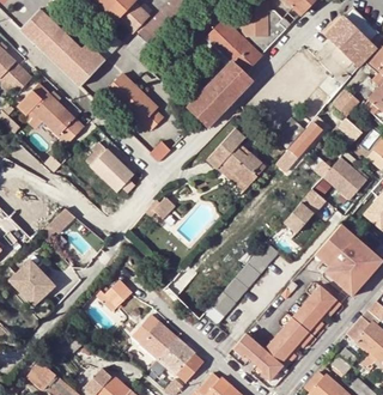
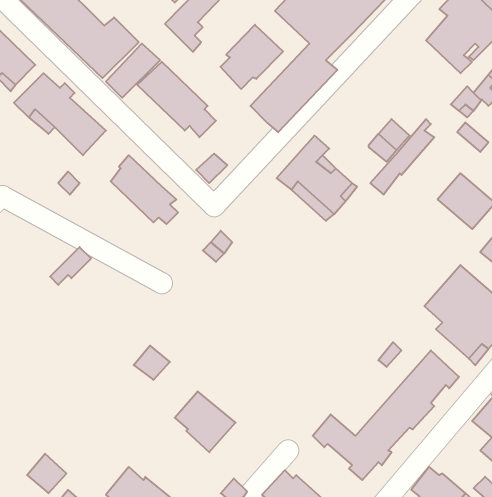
building: none -> [220,25,283,89]
building: [284,188,326,232] -> none
building: [205,241,279,324] -> none
building: [12,265,54,308] -> none
building: [158,338,206,384] -> none

